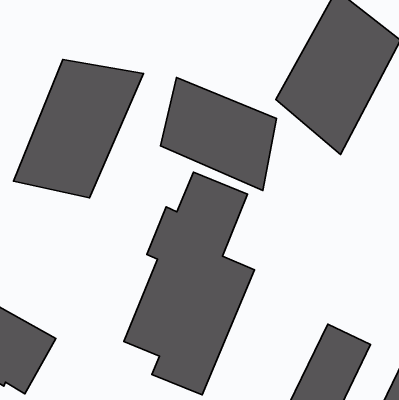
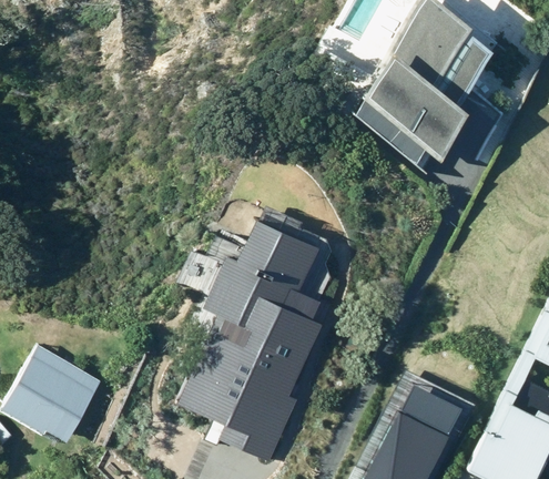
building: [13,60,143,198] -> none
building: [161,78,277,191] -> none

